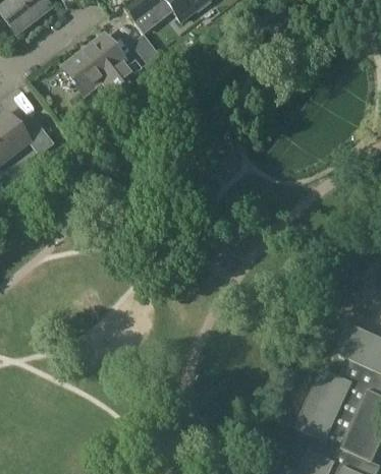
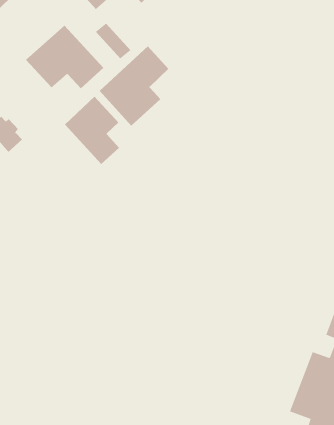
building: none -> [99,46,169,126]
building: none -> [64,96,120,165]

